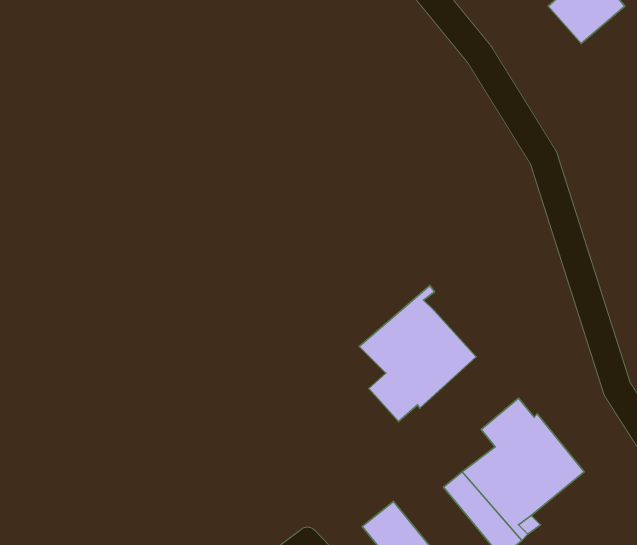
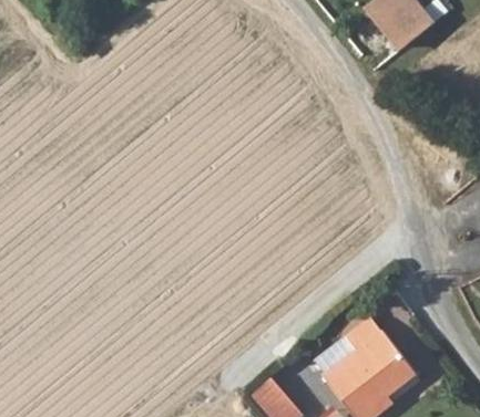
building: [359,285,476,422] -> none

